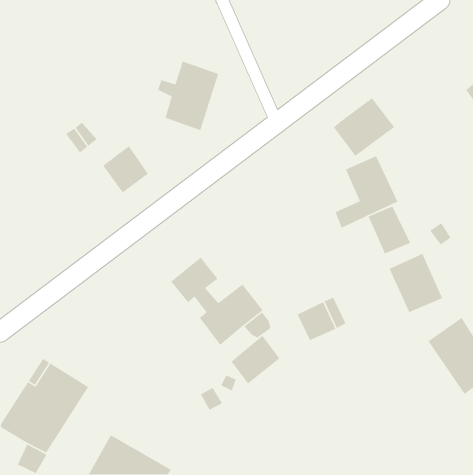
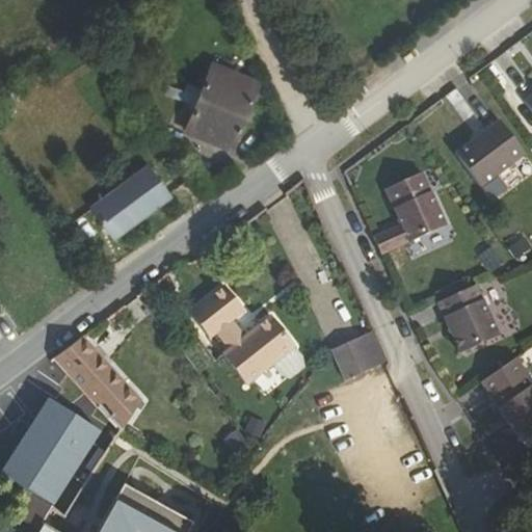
building: [333,97,395,157] -> [454,119,524,186]
building: none -> [90,185,139,233]
building: [368,205,411,254] -> none
building: none -> [51,334,141,430]
building: [230,335,280,384] -> none

